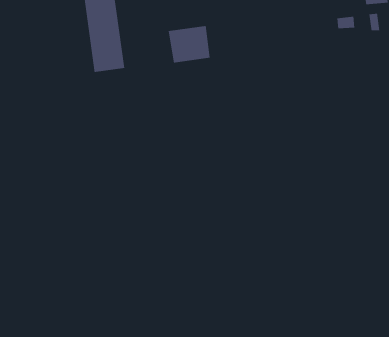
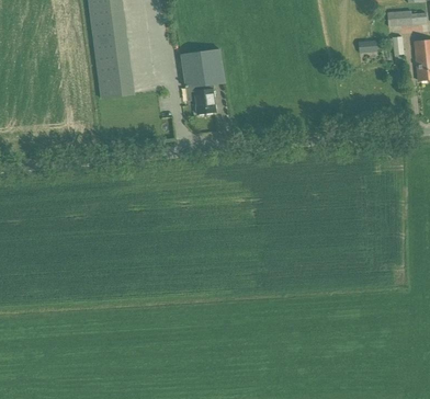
building: none -> [194,87,215,113]

